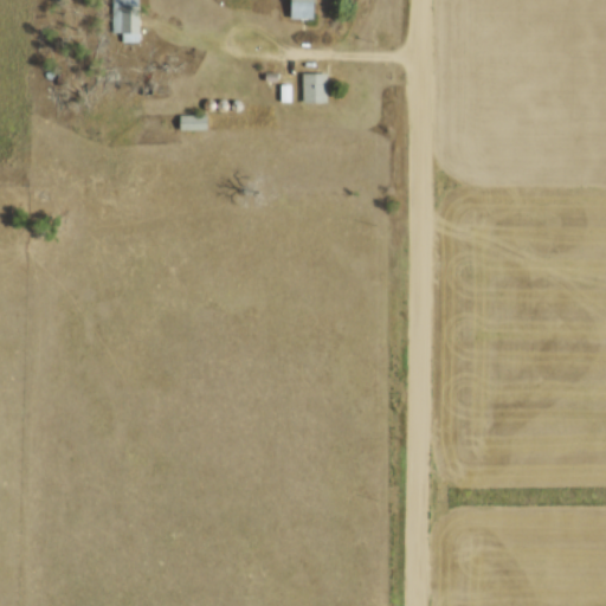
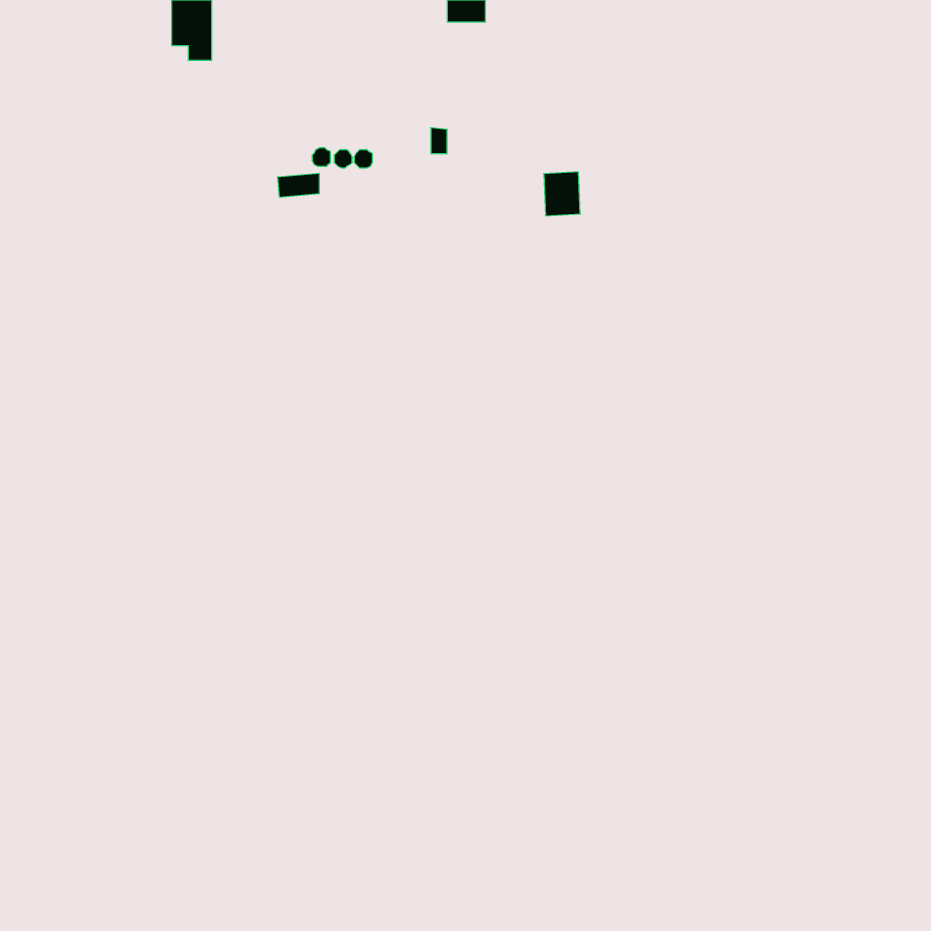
building: [303,72,327,101] -> [544,172,580,216]

